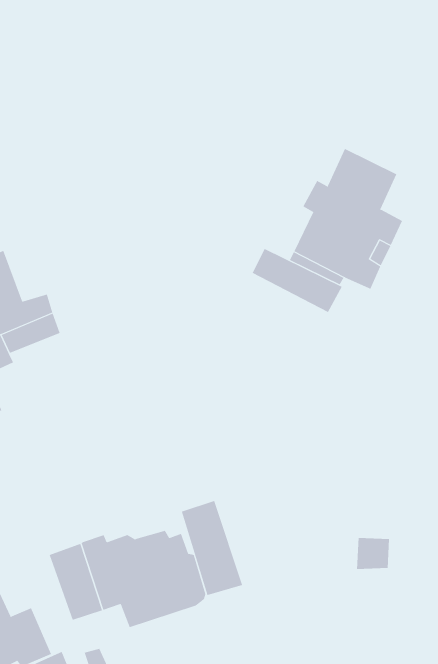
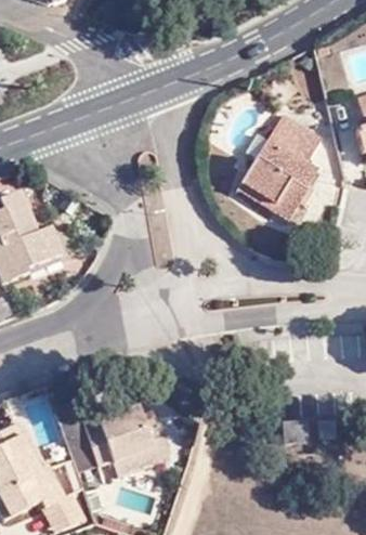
building: [252,248,342,313] -> none
building: [181,500,243,596] -> none

